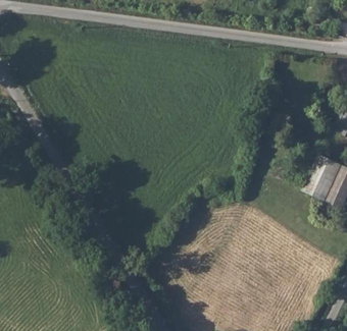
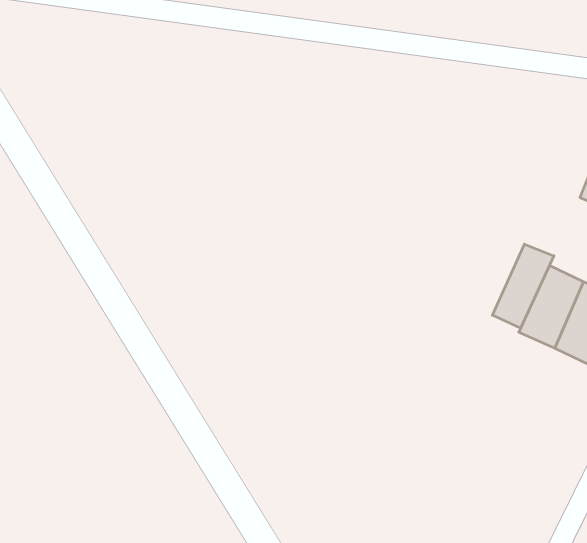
building: none -> [492,244,554,328]

